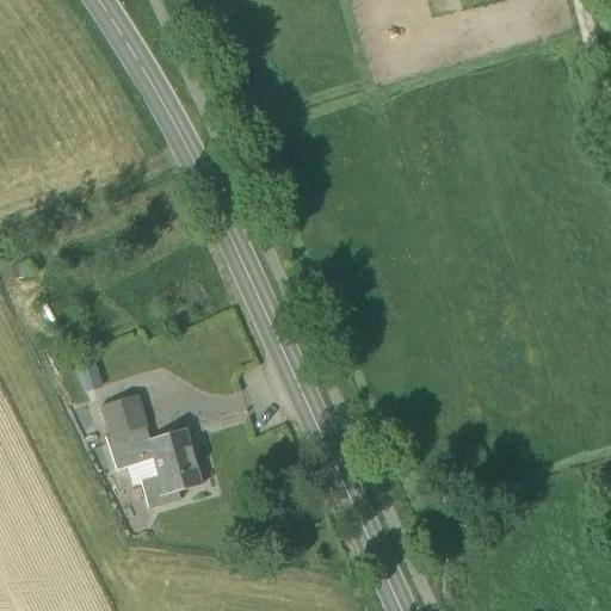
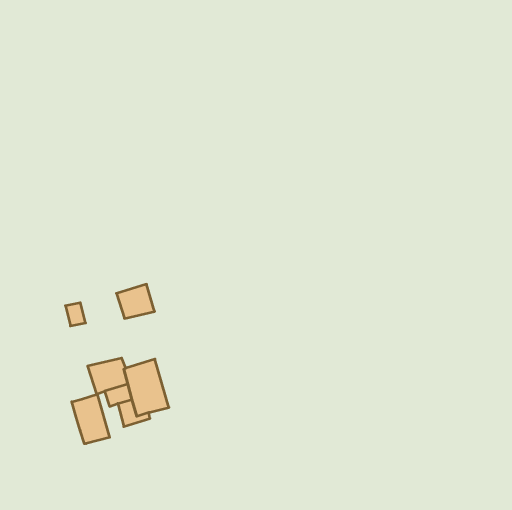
building: [101,393,147,433] -> [116,284,155,318]
building: none -> [72,394,110,444]

